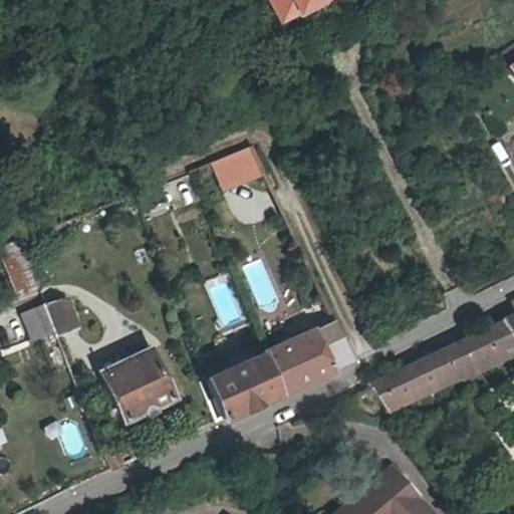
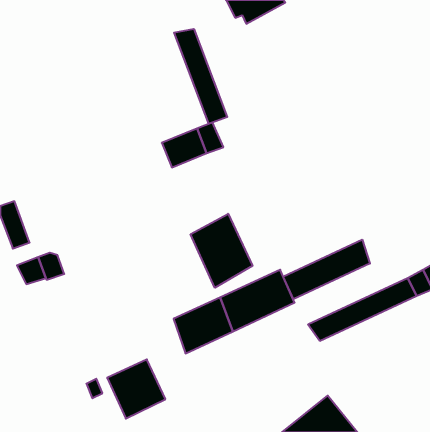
building: none -> [174,29,227,124]
building: none -> [191,214,252,288]
building: none -> [283,240,370,299]
building: [104,350,174,421] -> [107,359,165,419]

